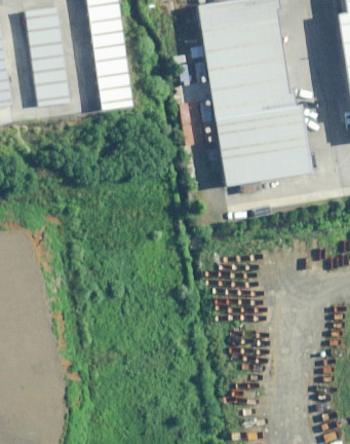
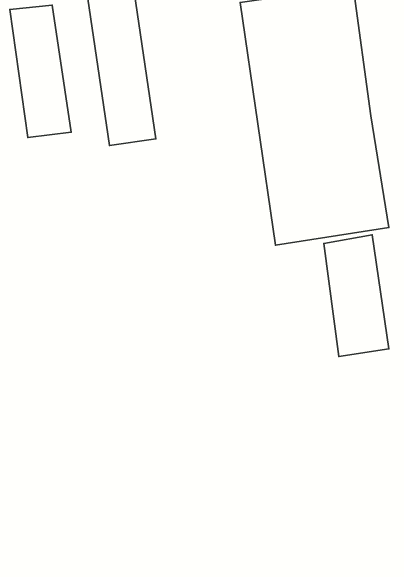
building: none -> [324,235,389,357]

